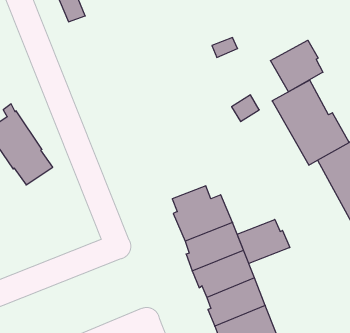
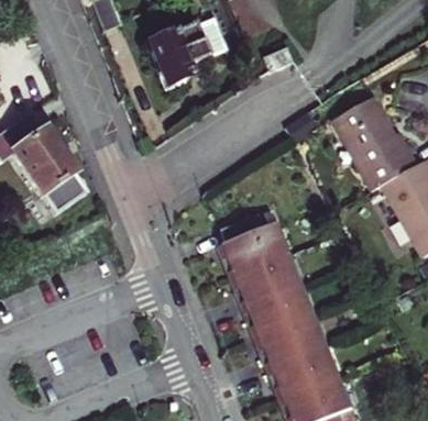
building: none -> [150,15,229,87]
building: [270,40,323,92] -> none
building: [237,219,290,263] -> none

